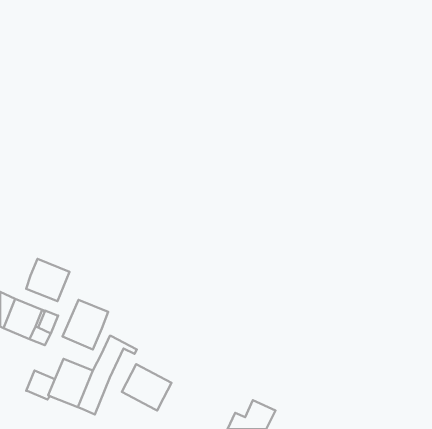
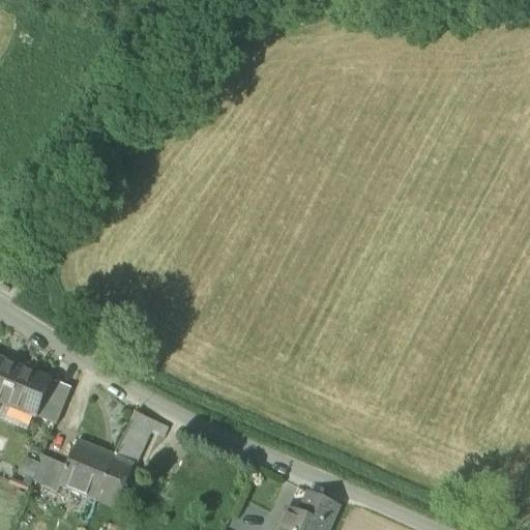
building: [26,259,70,301] -> none
building: [63,300,108,349] -> none
building: [122,364,171,410] -> none

